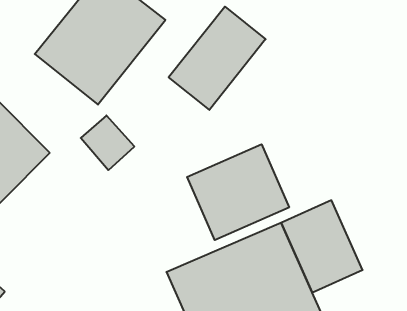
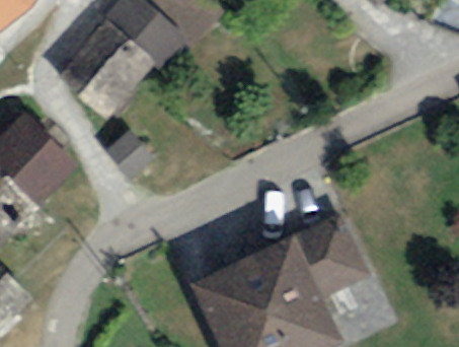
building: [169,7,266,110] -> none
building: [187,144,289,240] -> none

